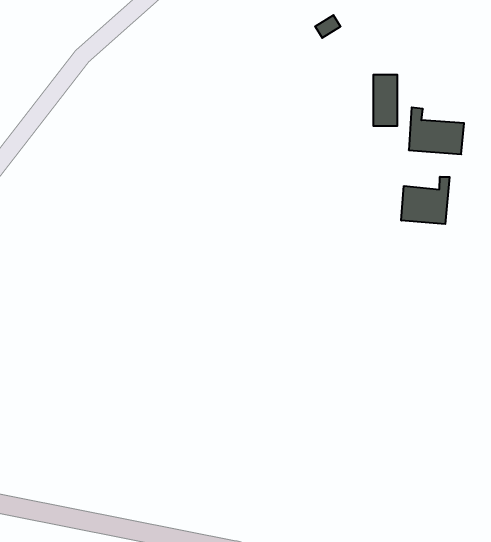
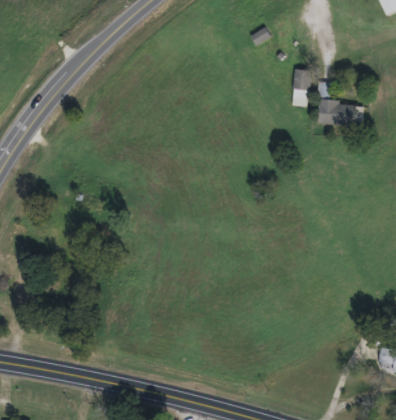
building: [401,177,450,224] -> none

